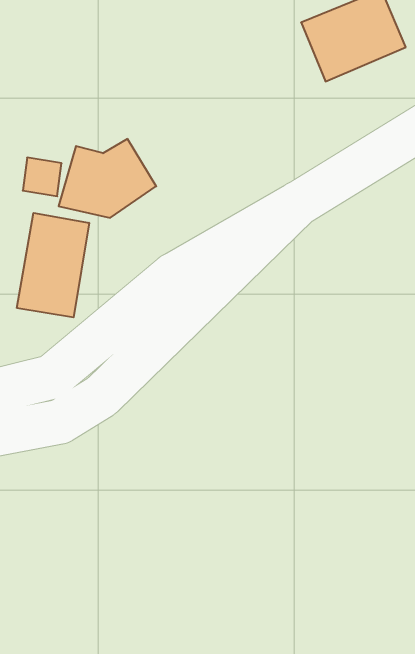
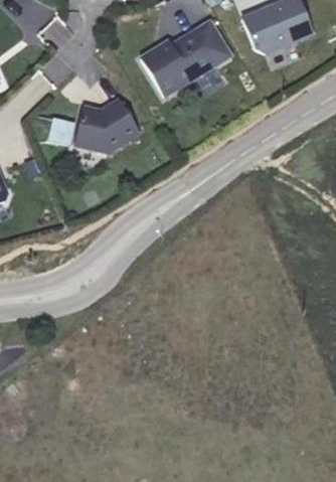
building: none -> [141,17,232,97]
building: [17,213,89,317] -> none

